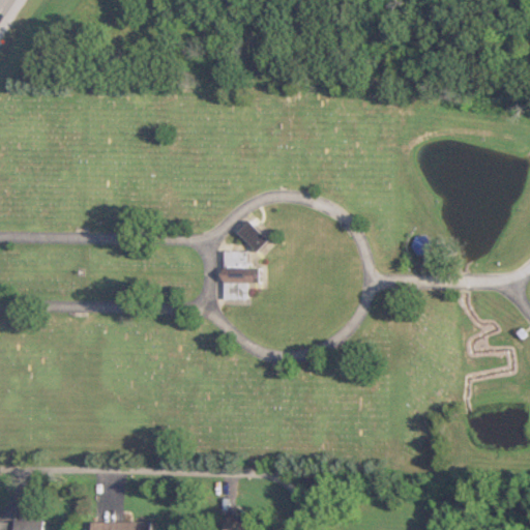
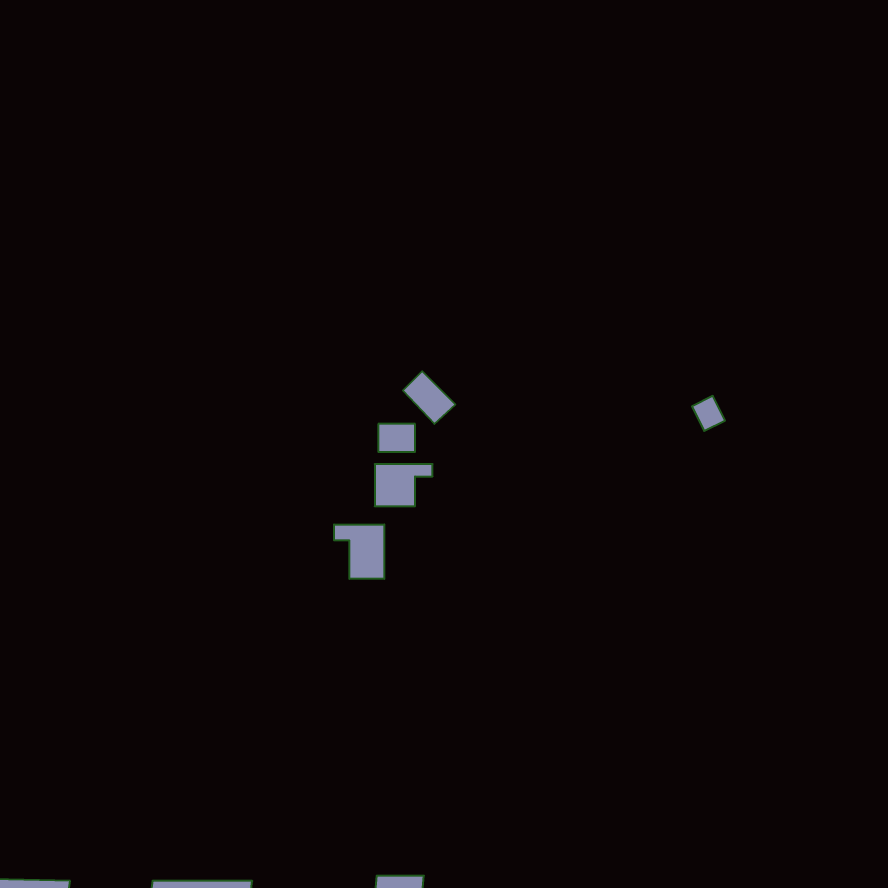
building: none -> [334,524,384,579]

